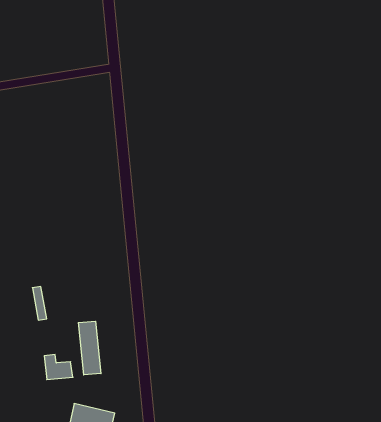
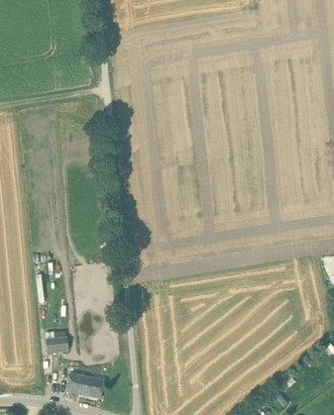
building: [78,321,101,375] -> none

